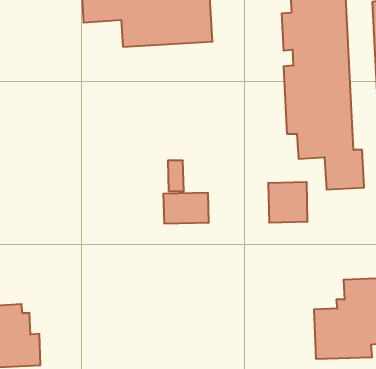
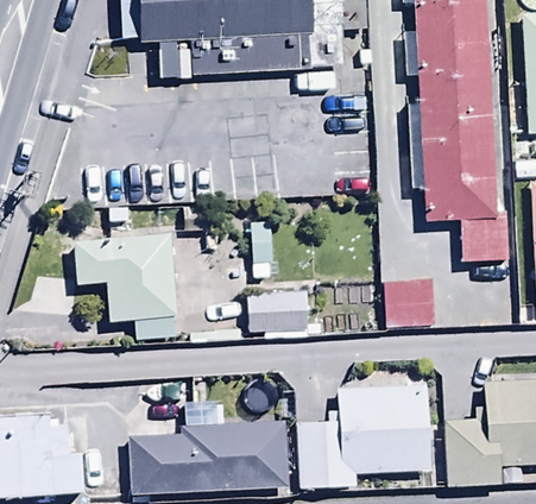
building: none -> [89,231,179,325]
building: none -> [298,383,434,490]
building: none -> [131,421,289,493]

